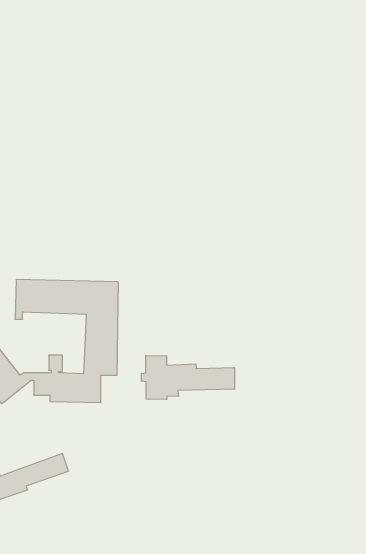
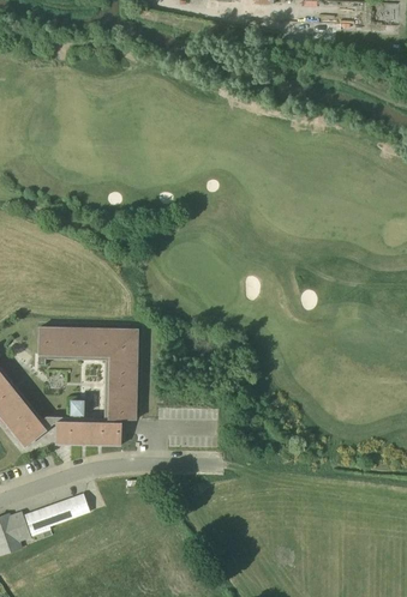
building: [141,355,235,399] -> none

